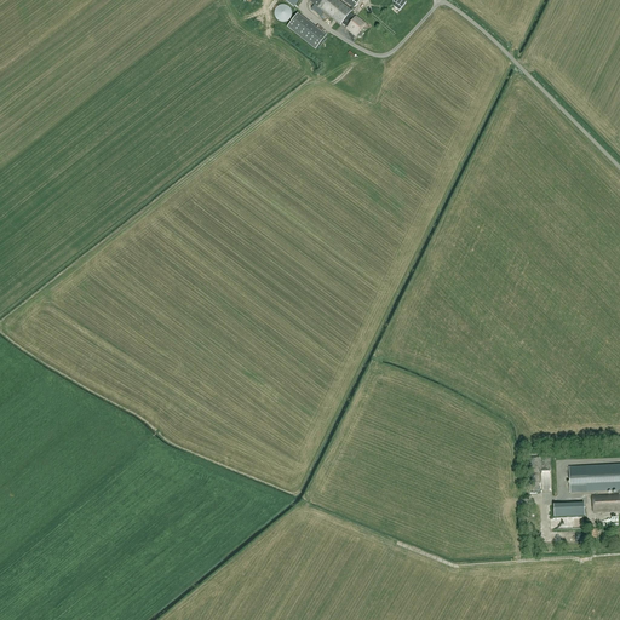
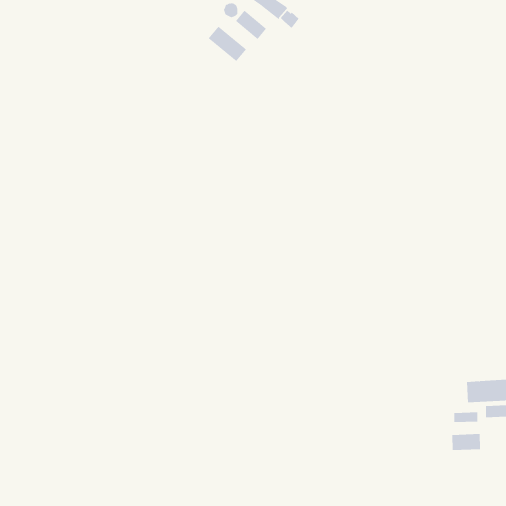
building: none -> [208,26,247,62]
building: none -> [452,433,481,451]

